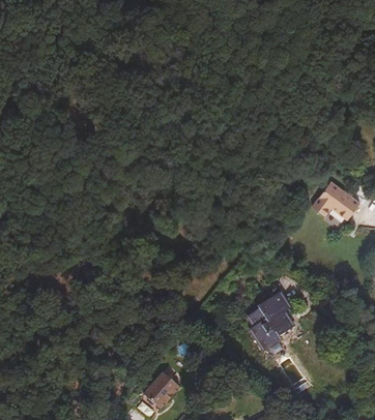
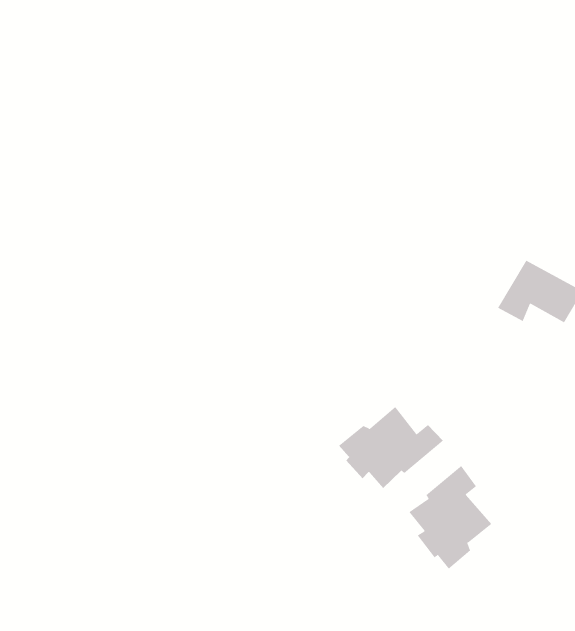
building: none -> [338,406,444,489]

